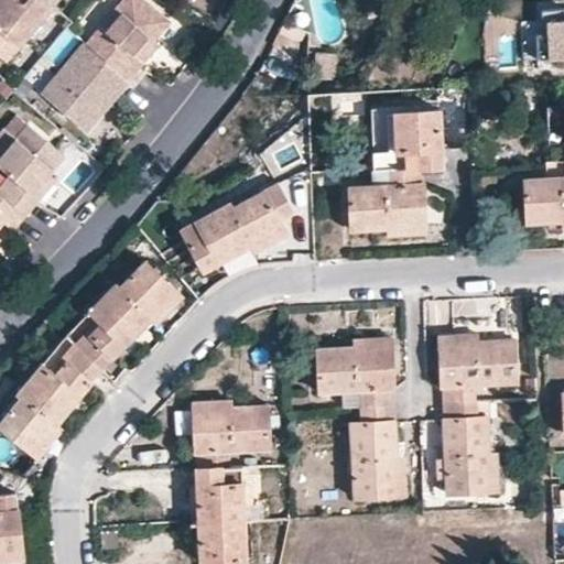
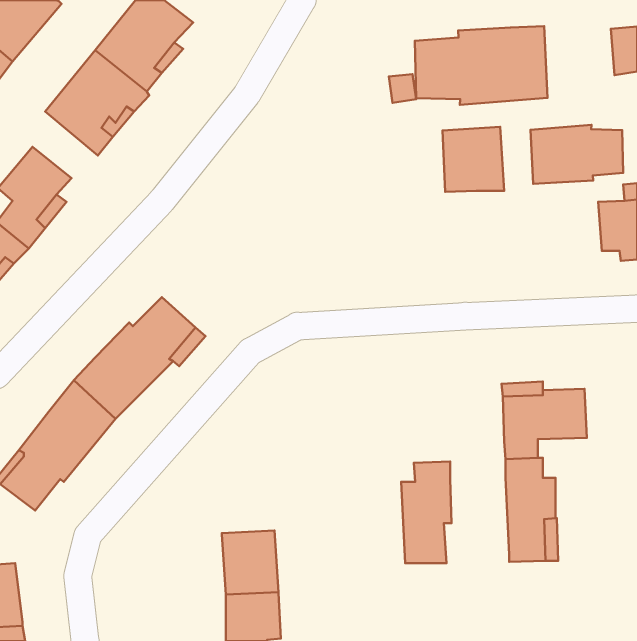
building: none -> [415,26,547,105]
building: none -> [531,125,623,184]
building: [349,167,423,239] -> none
building: [178,177,292,269] -> none
building: [318,347,395,408] -> none
building: [193,405,269,468] -> none

